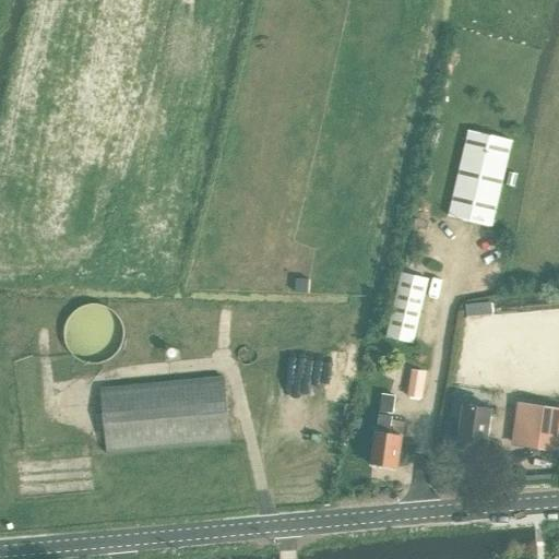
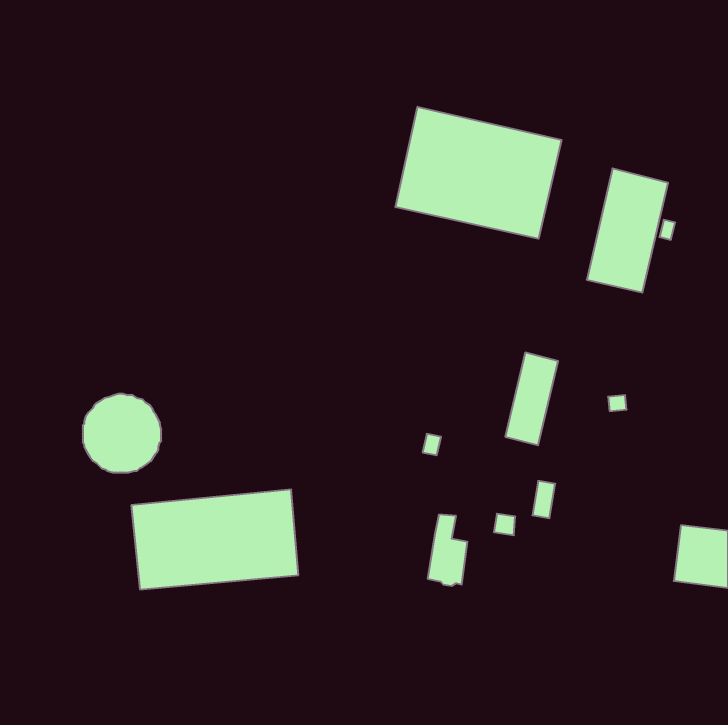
building: none -> [396,107,562,239]
building: [456,403,491,448] -> none
building: [370,413,401,467] -> [428,515,467,586]

